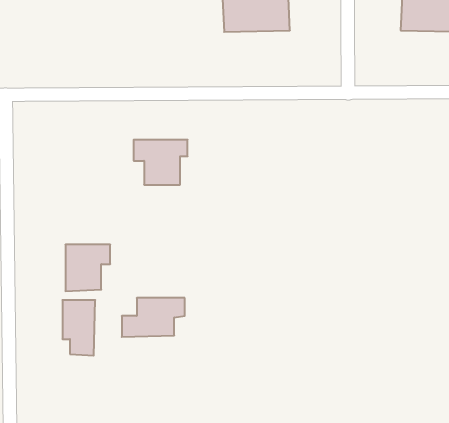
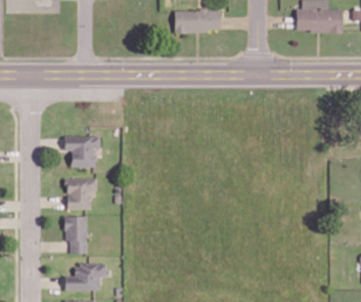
building: [134,140,188,185] -> [63,136,100,167]
building: [122,298,185,337] -> [63,264,106,291]

